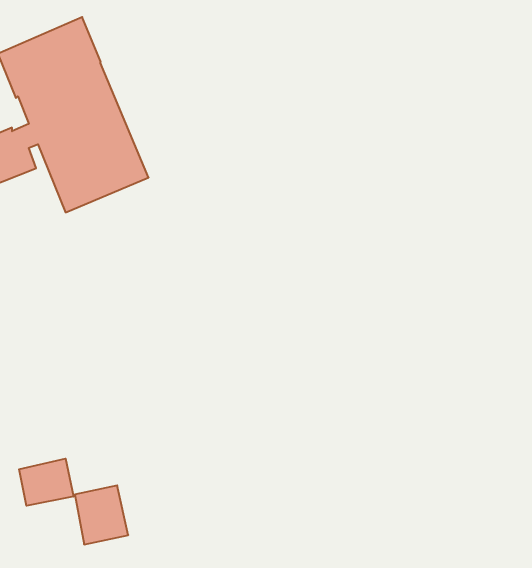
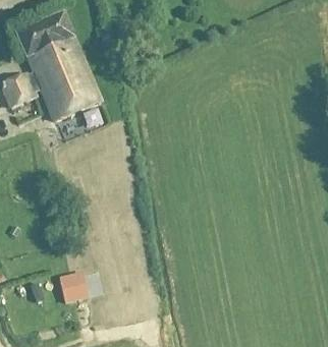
building: [19,459,73,506] -> none

